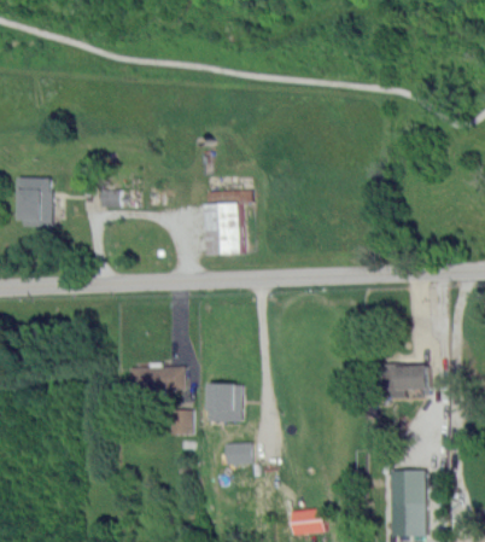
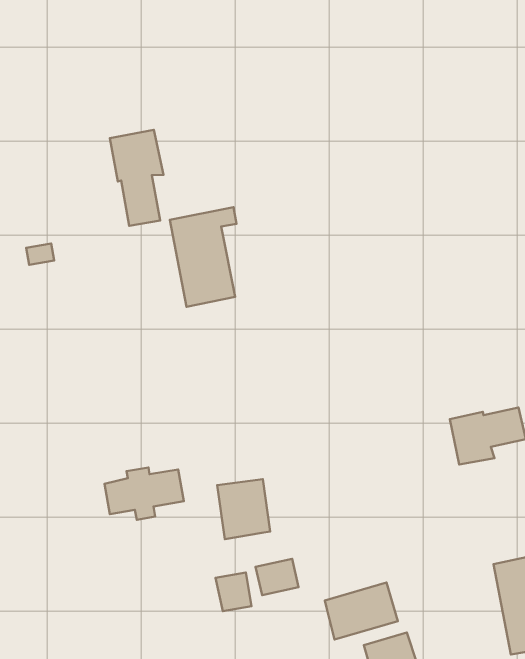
building: none -> [110,130,164,226]
building: [170,410,192,435] -> [215,573,251,611]
building: none -> [325,583,398,640]

